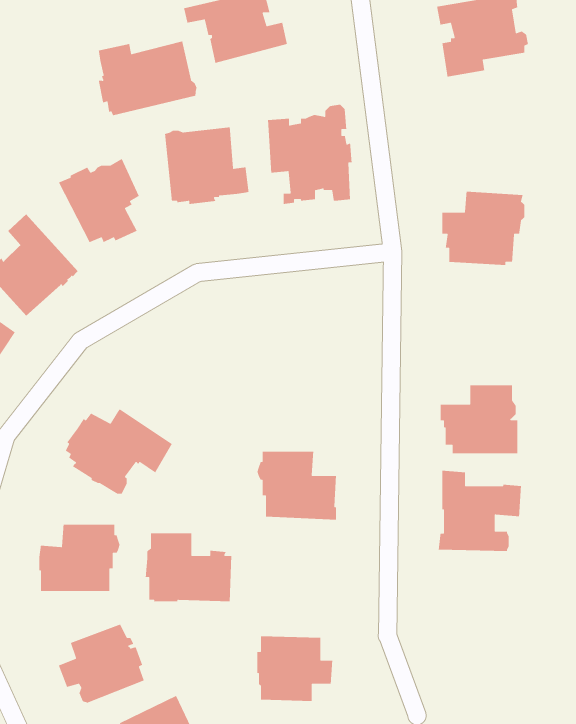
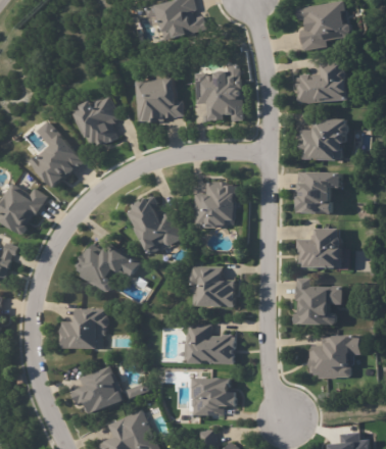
building: [97,41,197,116] -> none
building: none -> [295,60,346,102]
building: none -> [295,169,339,211]
building: none -> [195,184,237,229]
building: none -> [129,198,185,255]
building: [145,532,232,602] -> [185,325,236,365]
building: none -> [309,336,360,380]

